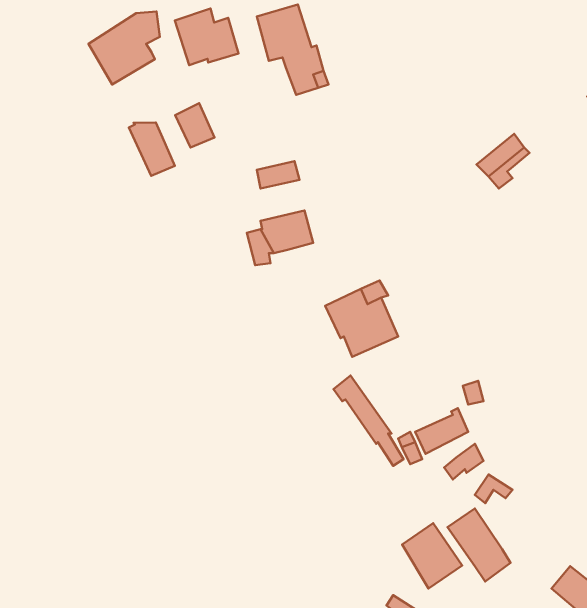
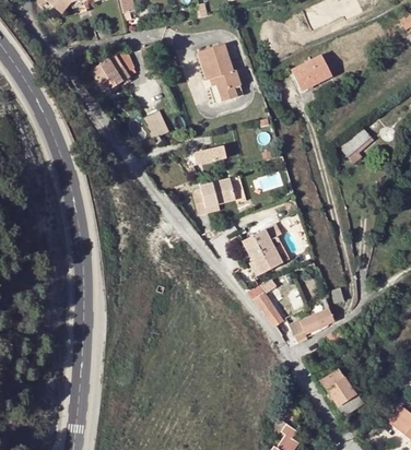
building: [175,9,238,65] -> none
building: none -> [294,55,331,87]
building: [129,122,175,176] -> none
building: [402,523,462,589] -> none

